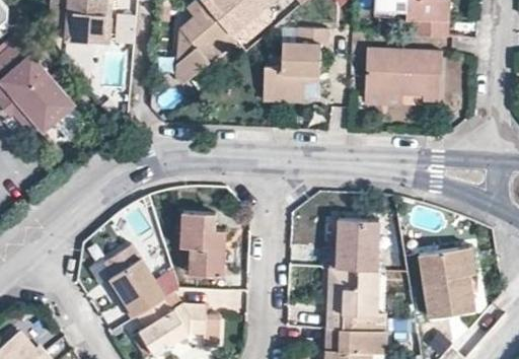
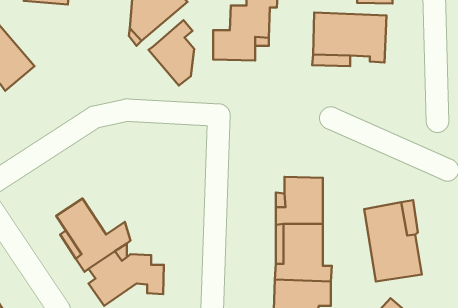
building: none -> [148,20,194,85]
building: [177,216,222,273] -> none

